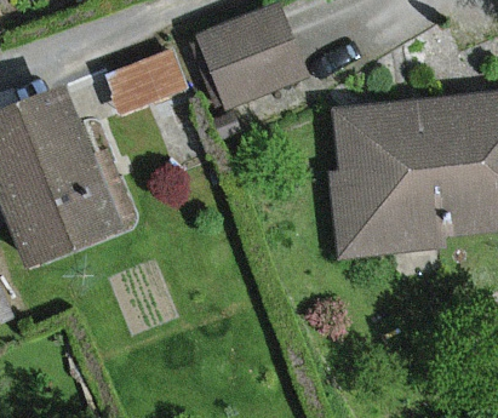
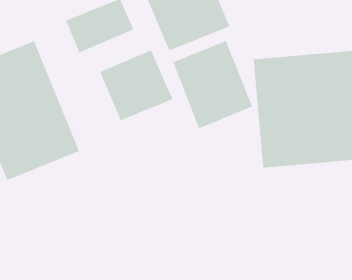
building: none -> [173,40,253,129]
building: none -> [99,49,173,121]

